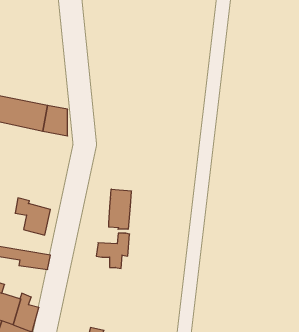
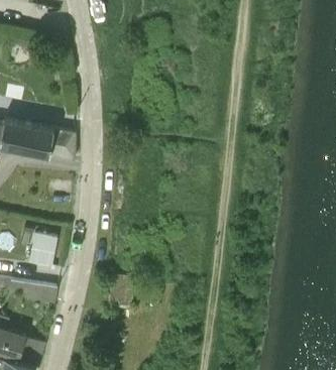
building: [109,189,131,229] -> none

